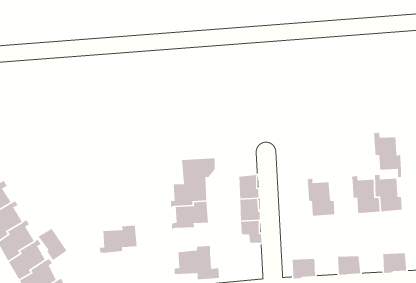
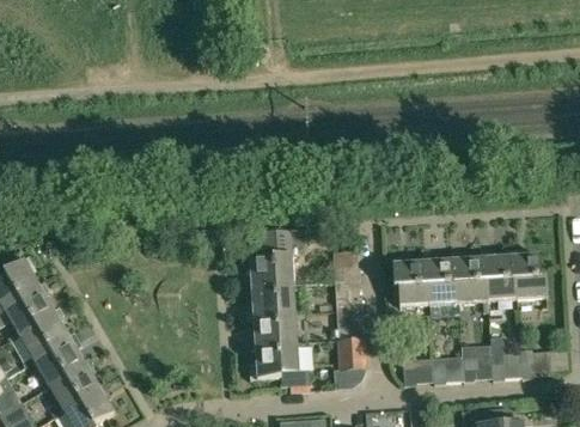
building: [373,132,402,178] -> [451,252,488,312]
building: none -> [391,256,429,307]
building: [99,225,138,253] -> [248,313,298,350]
building: [37,228,68,260] -> none
building: none -> [338,340,366,370]
building: none -> [490,353,521,380]
building: none -> [433,356,463,384]

